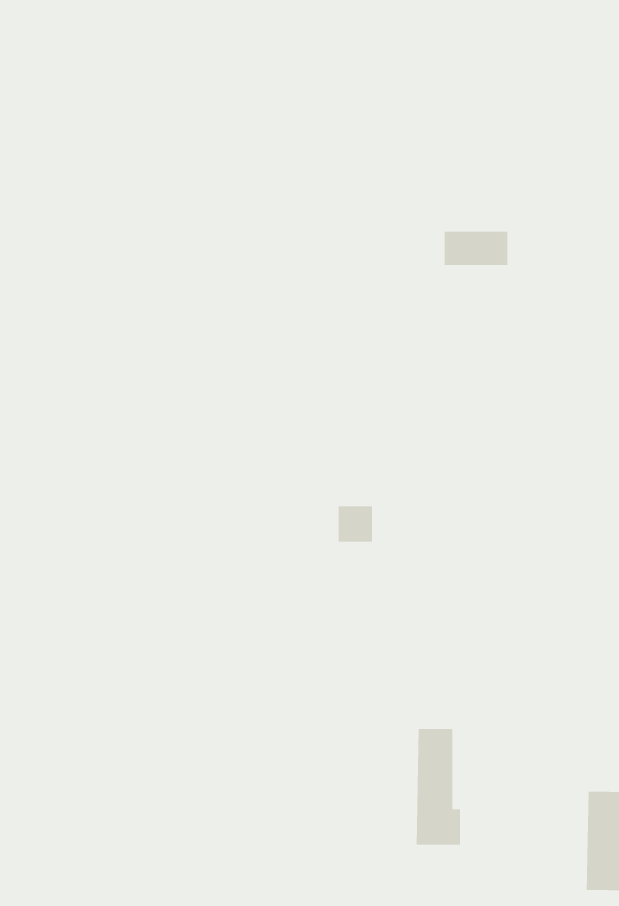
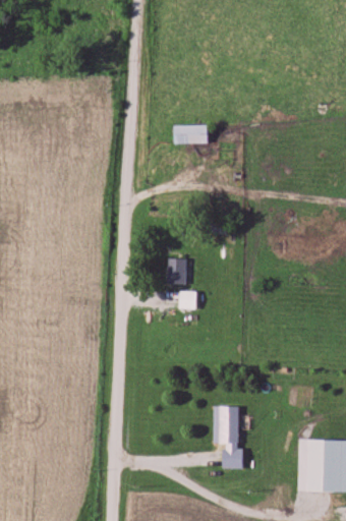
building: [444,231,508,266] -> [173,125,207,143]
building: none -> [165,258,184,284]

